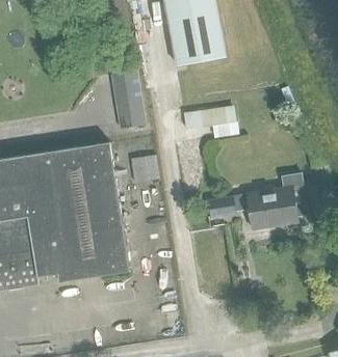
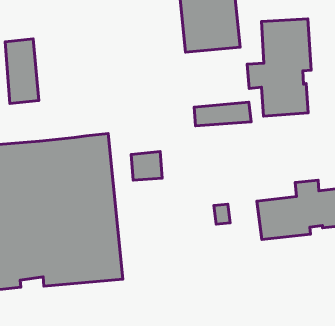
building: none -> [247,19,311,116]
building: [112,72,146,131] -> [5,39,39,103]

